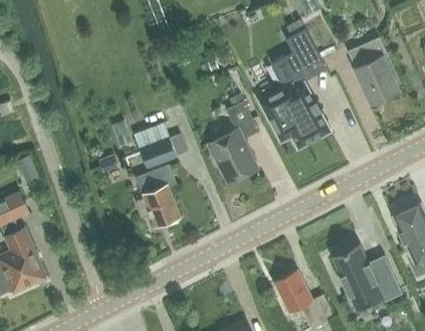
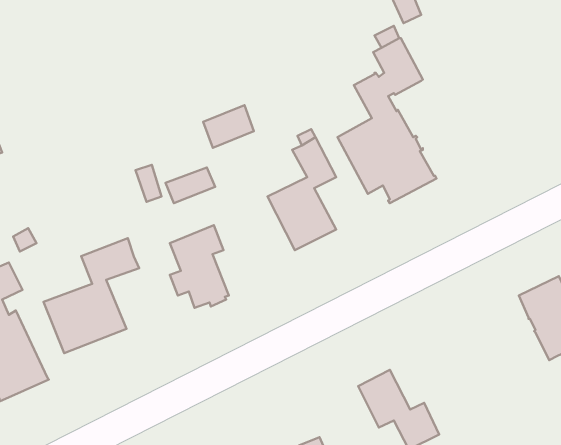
building: [350,38,399,105] -> none
building: [140,138,177,169] -> [203,105,254,148]
building: none -> [43,238,139,353]
building: [331,243,402,313] -> none

